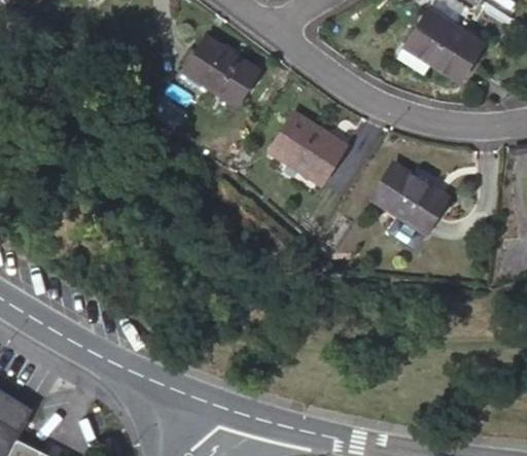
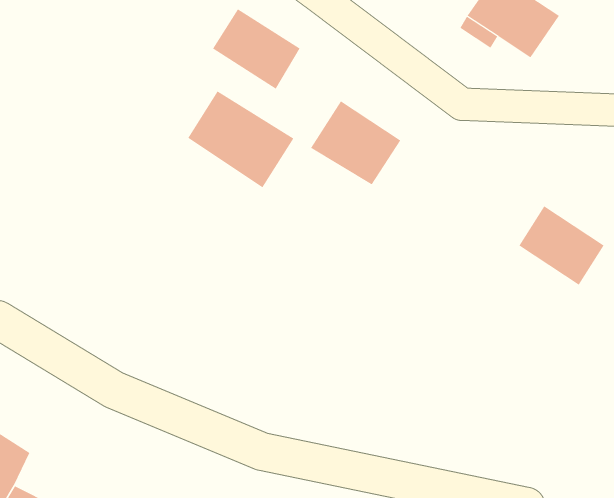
building: none -> [187,91,294,188]
building: [374,165,447,233] -> [519,206,605,285]

